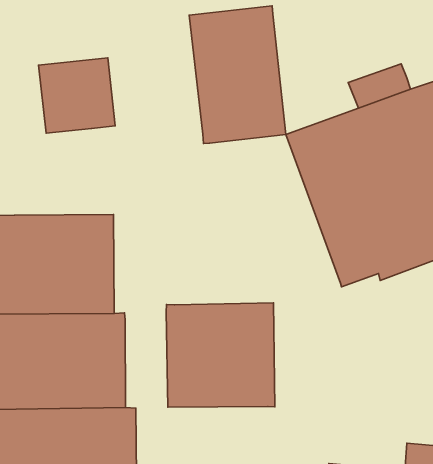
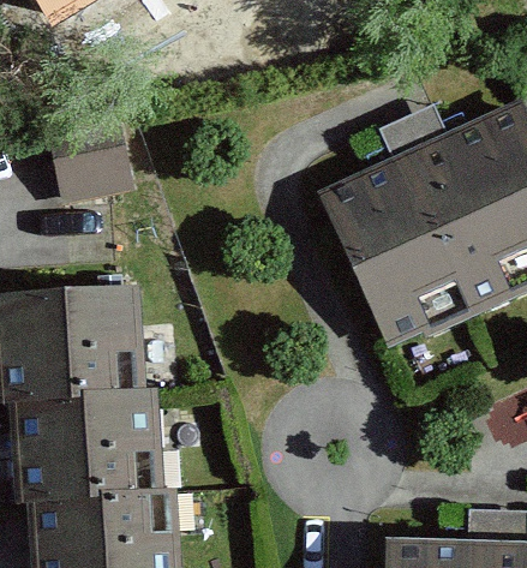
building: [189,6,286,143] -> none
building: [166,303,275,407] -> none

